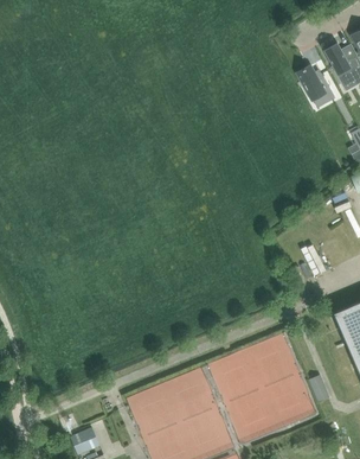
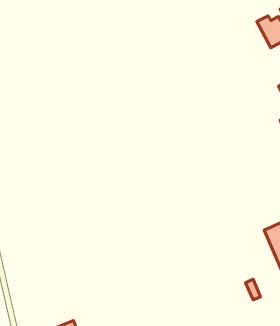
building: [298,65,335,103] -> none

